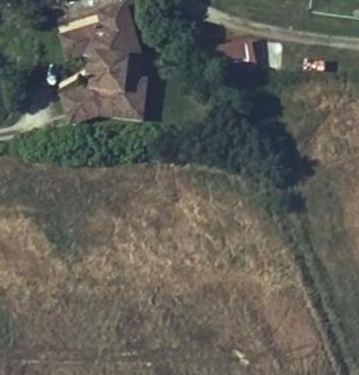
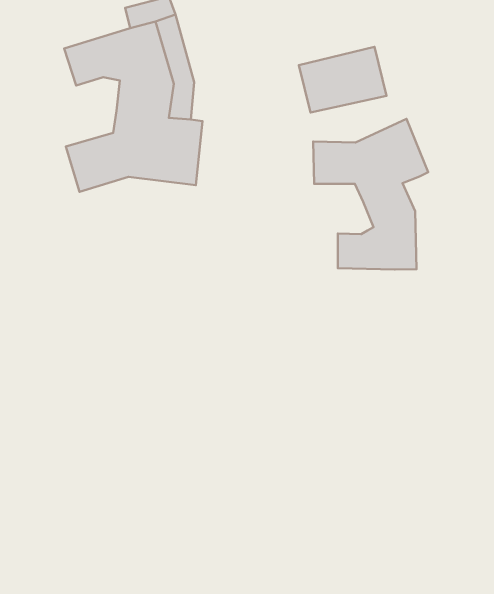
building: none -> [313,119,428,269]

